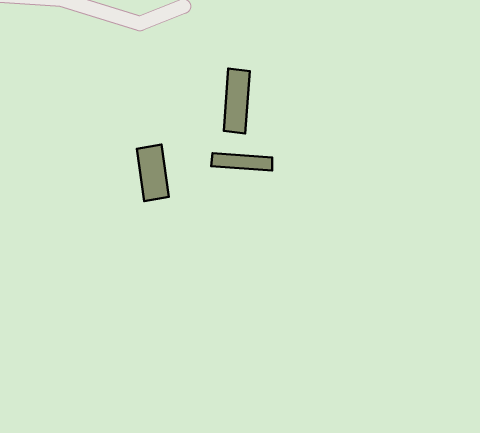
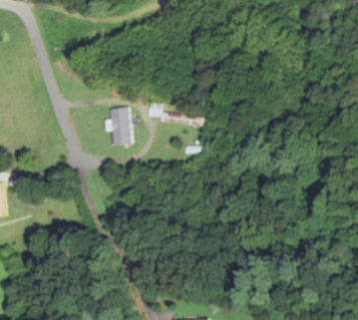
building: [224,68,250,134] -> none

